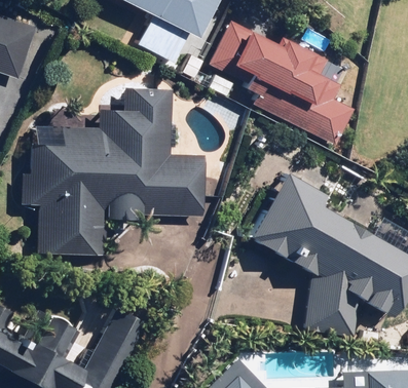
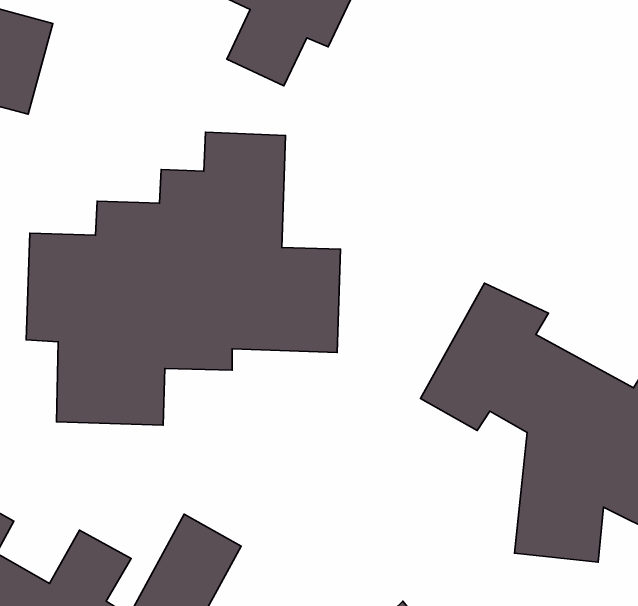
building: [209,17,358,147] -> none

